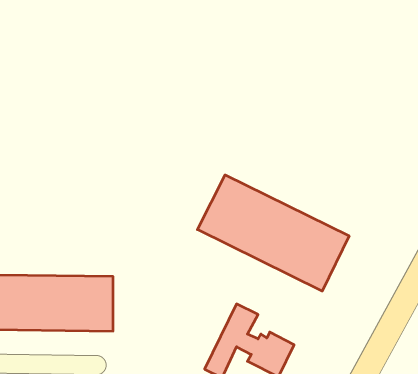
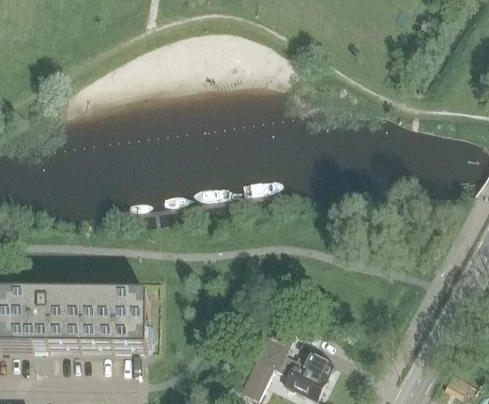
building: [197,175,349,291] -> none

